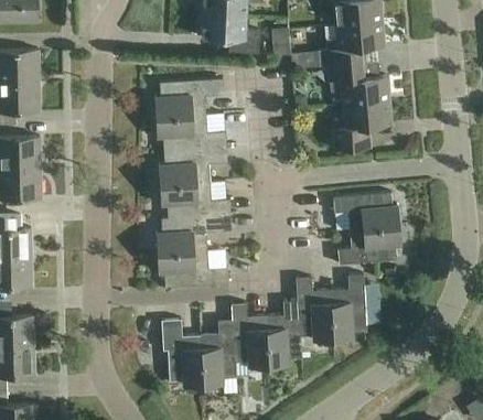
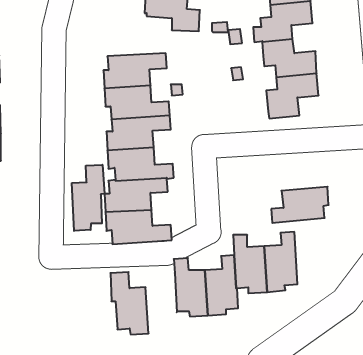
building: [332,192,399,229] -> none
building: none -> [72,165,104,231]
building: [200,320,236,386] -> none

